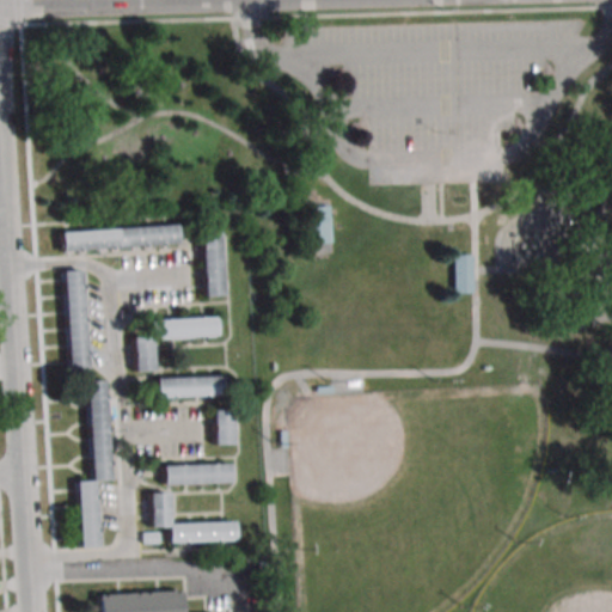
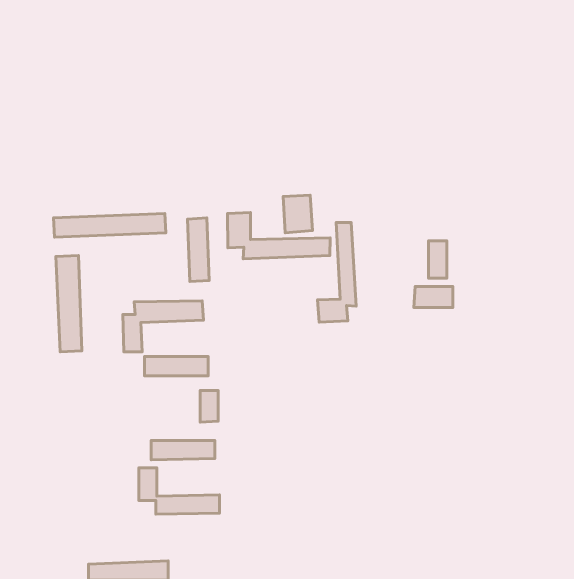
building: none -> [227,212,330,259]
building: none -> [317,222,356,322]
building: none -> [414,287,453,308]
building: [79,381,116,549] -> none

